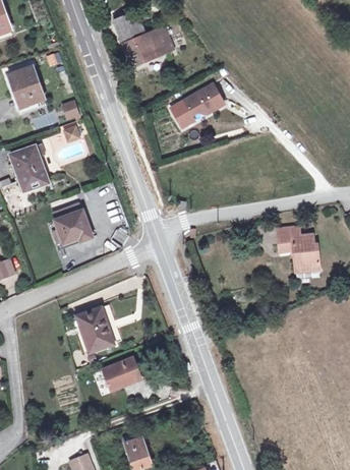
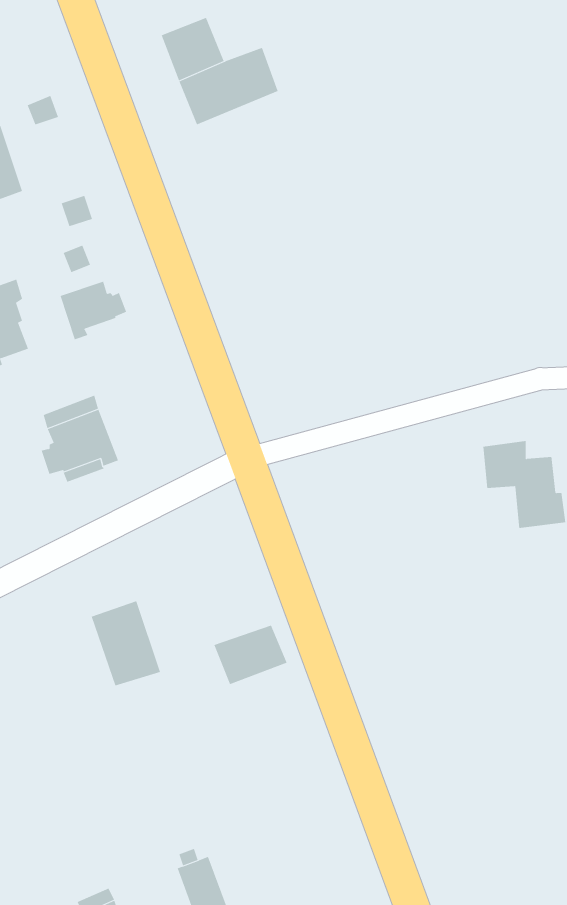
building: [170,83,224,122] -> none
building: none -> [60,281,127,340]
building: [103,358,140,389] -> [214,625,288,685]

